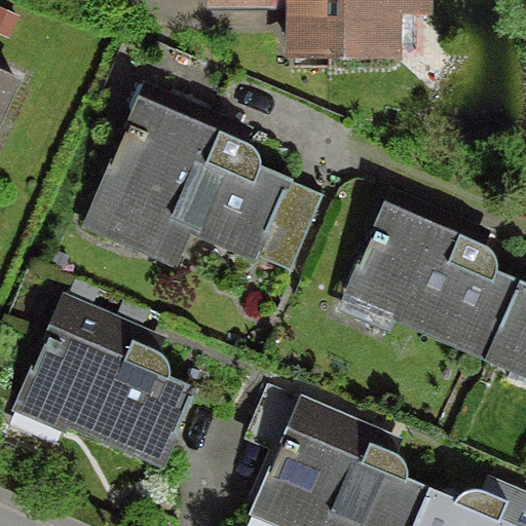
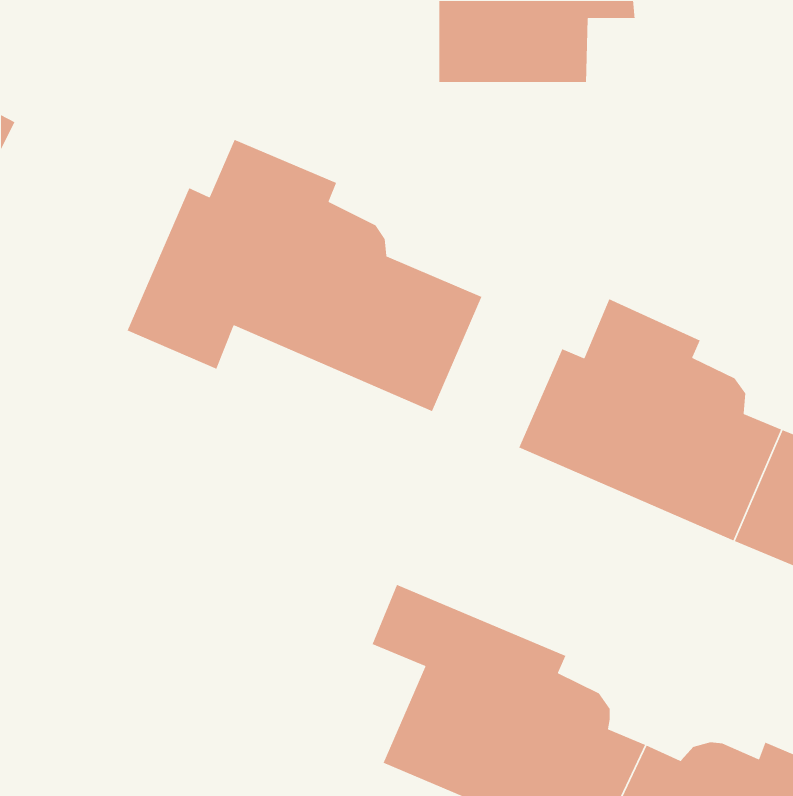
building: [17,298,192,463] -> none

